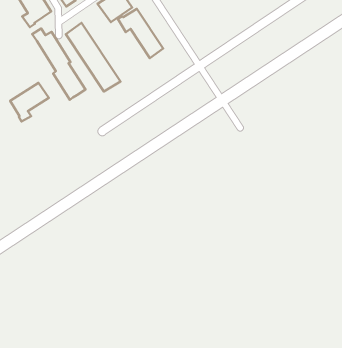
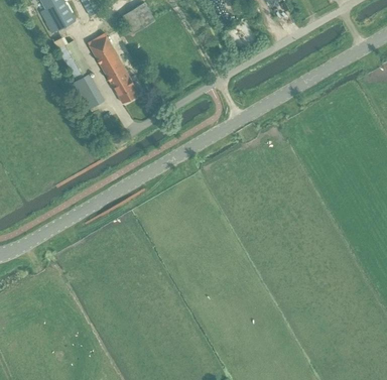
building: [118,9,163,58] -> none
building: [10,83,49,121] -> none

